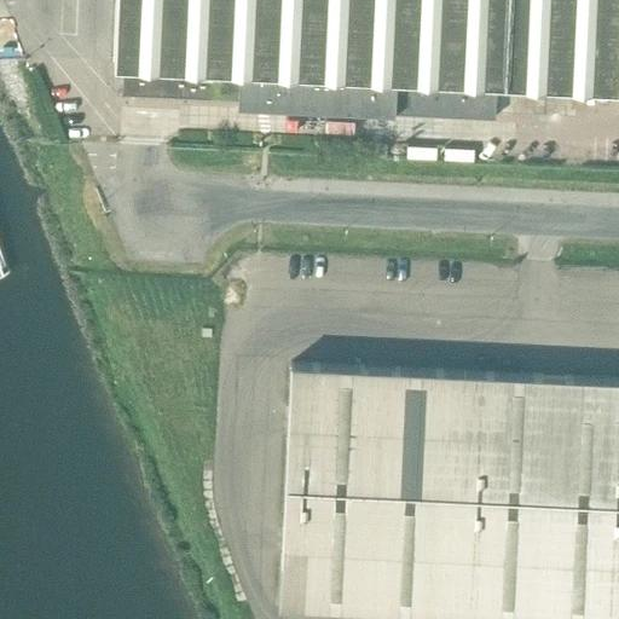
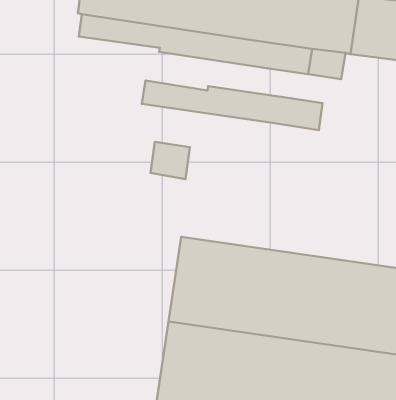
building: none -> [142,81,323,130]
building: none -> [151,142,190,179]

